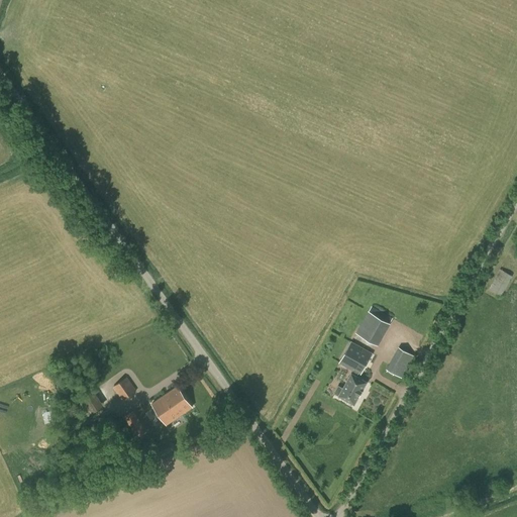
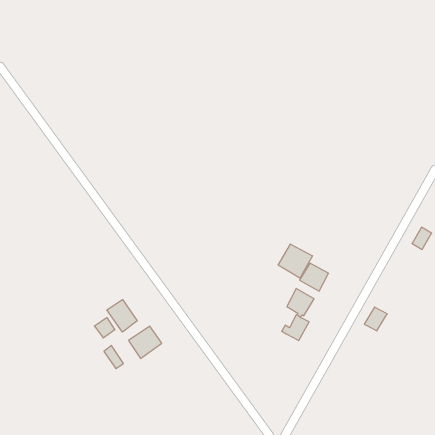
building: none -> [278,244,312,278]
building: [386,349,413,378] -> [364,307,387,331]
building: none -> [107,300,137,332]

